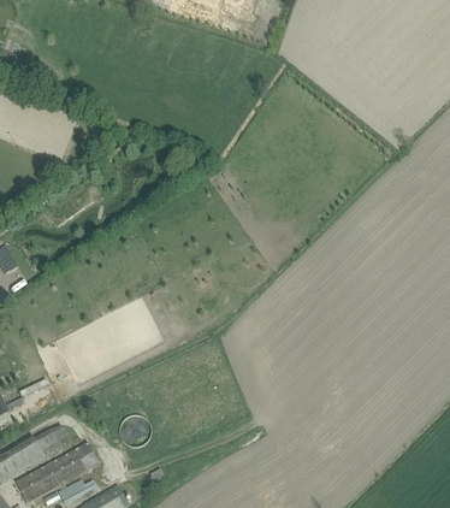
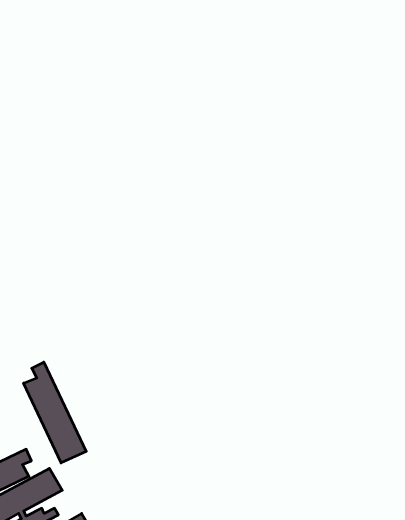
building: none -> [24,362,86,463]

